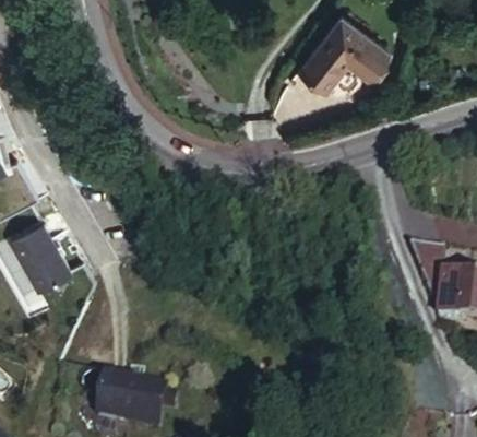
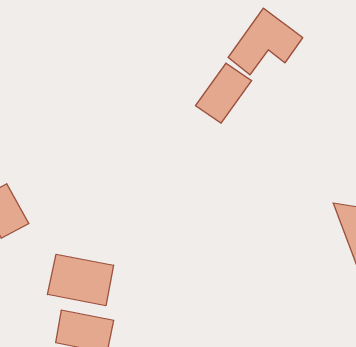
building: none -> [196,63,252,123]
building: none -> [48,254,113,306]

